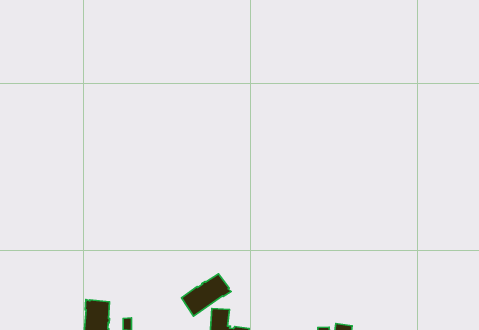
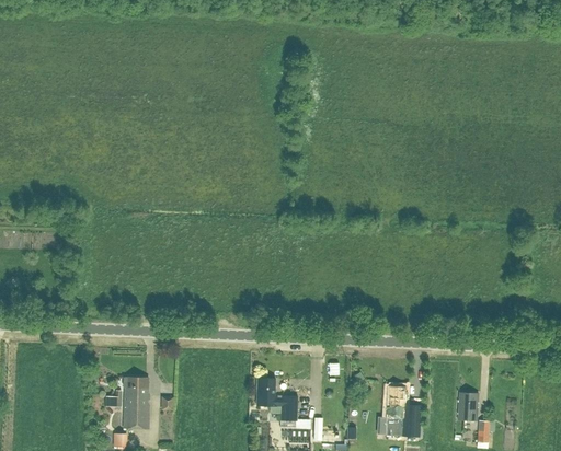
building: [182,274,231,316] -> none

